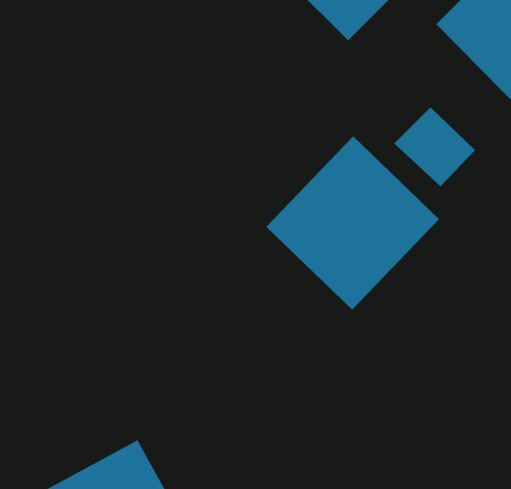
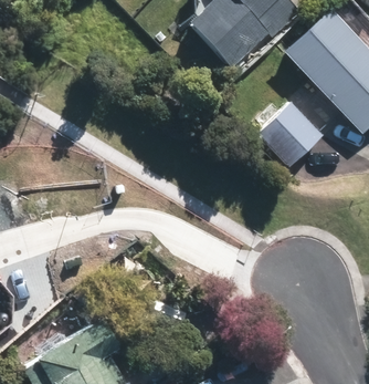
building: [266,135,440,311] -> none

